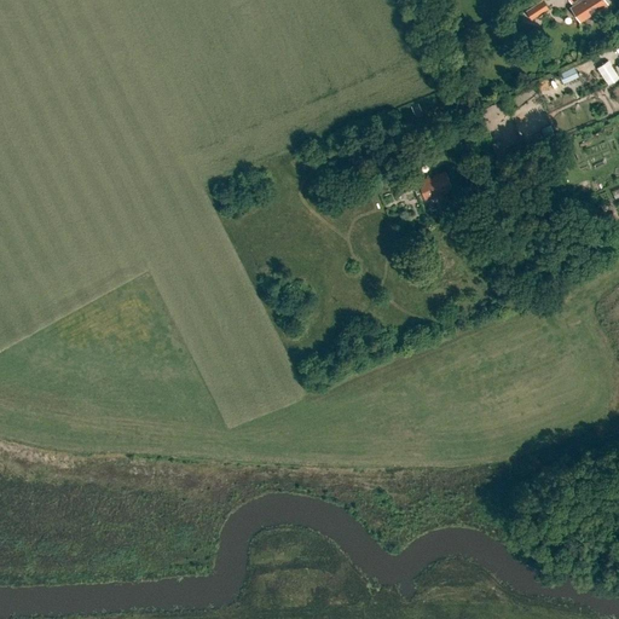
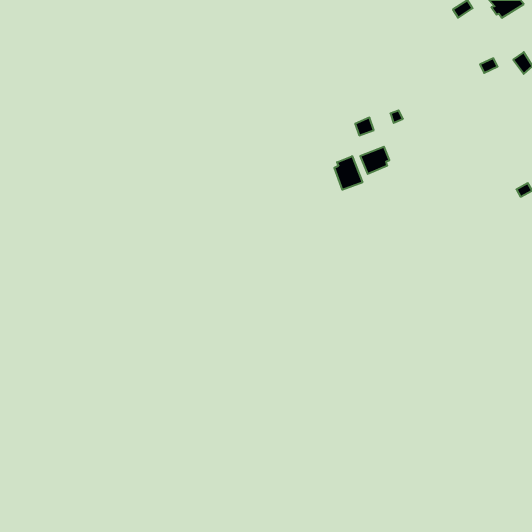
building: none -> [334,156,362,190]

